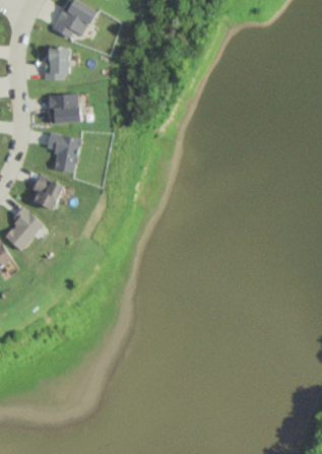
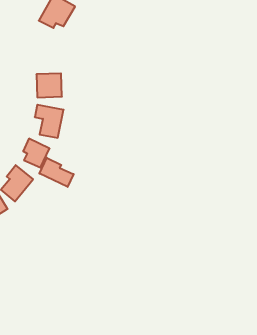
building: [44,47,67,80] -> none
building: none -> [39,158,74,187]

